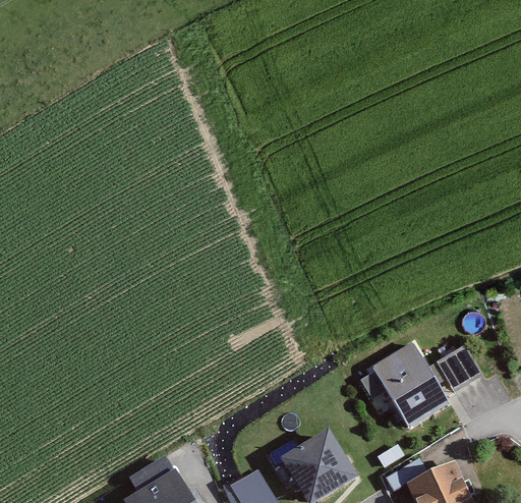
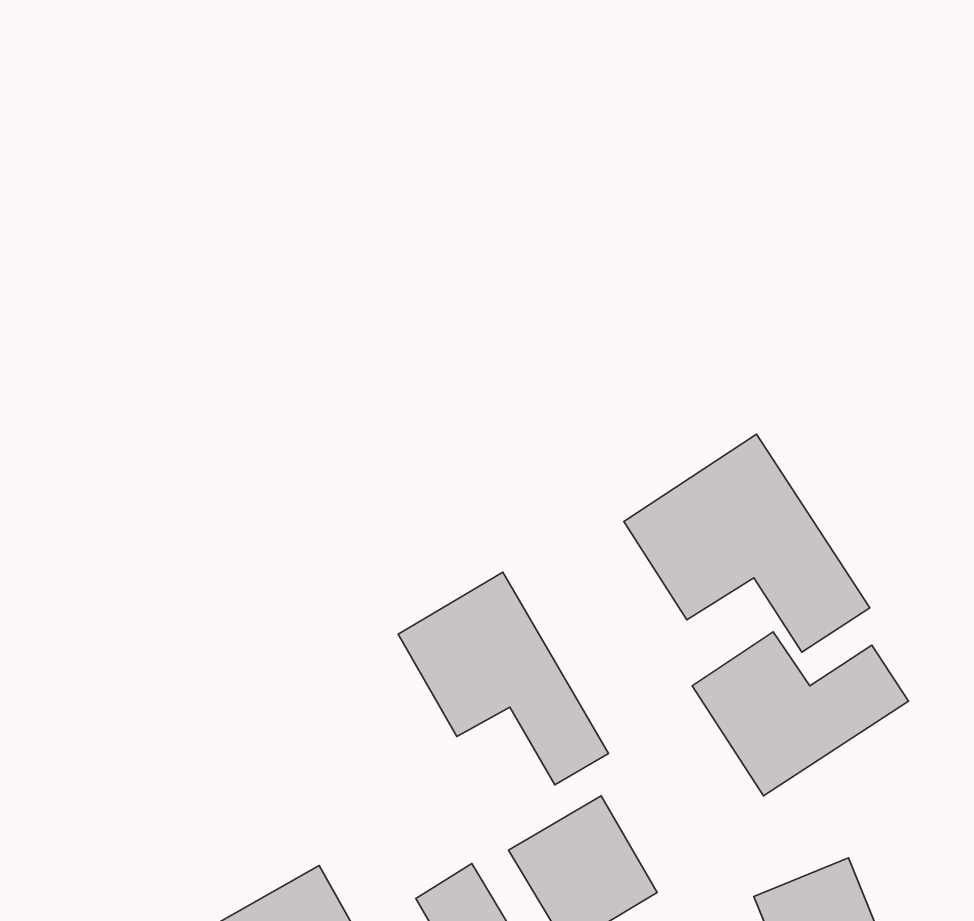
building: none -> [624,434,870,652]
building: none -> [398,572,609,785]

